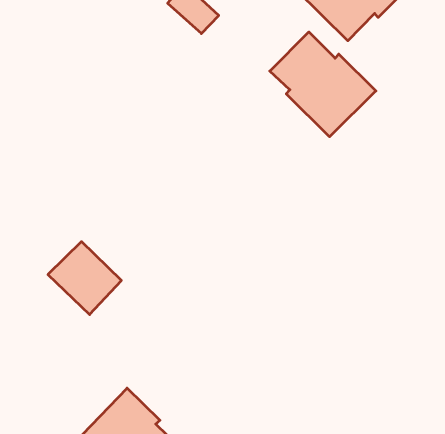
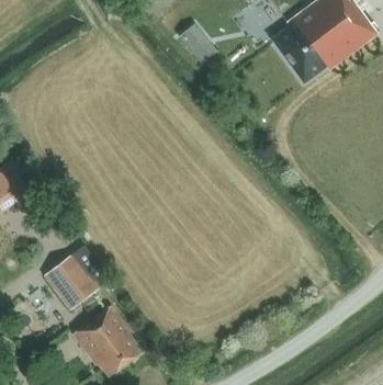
building: [270,32,376,137] -> none
building: [48,242,121,315] -> [45,256,97,308]

